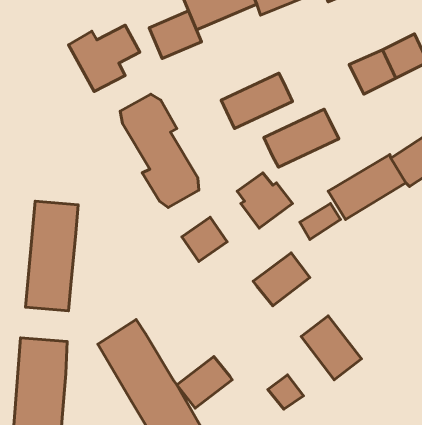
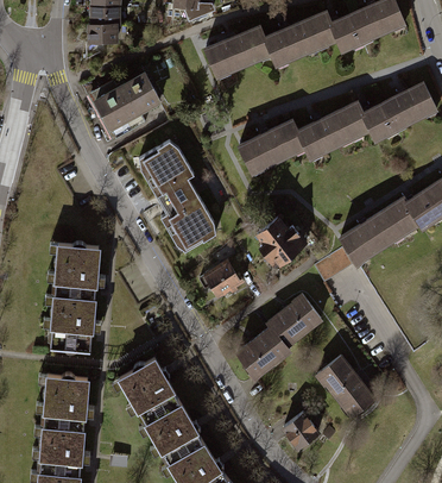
building: [149,11,201,59] -> none
building: [264,109,339,167] -> [298,102,371,158]
building: [177,356,232,408] -> [236,326,290,376]

